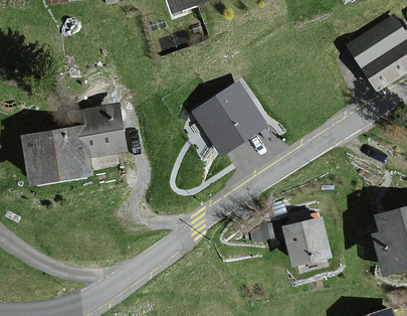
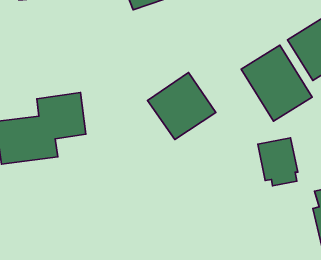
building: none -> [241,45,312,121]
building: [284,218,329,272] -> [258,138,298,186]

